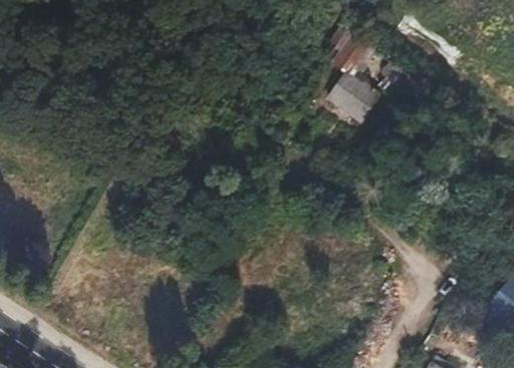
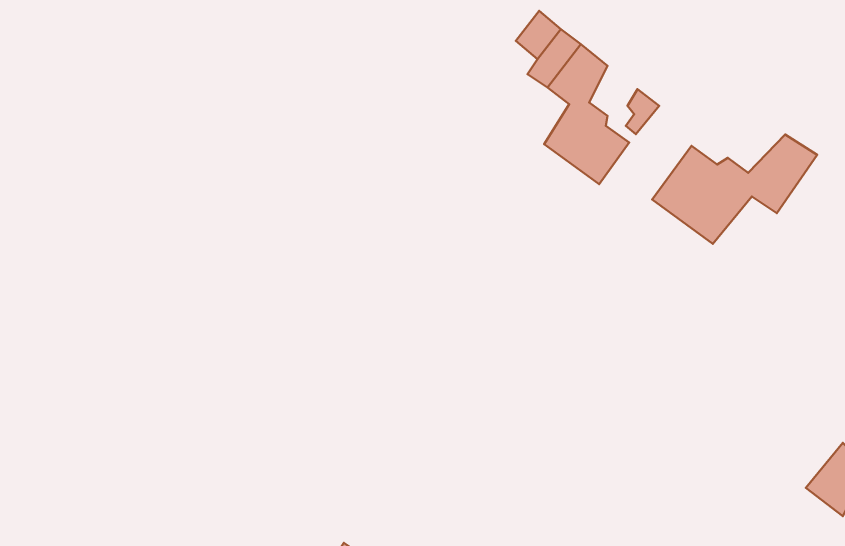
building: none -> [652,135,817,244]

